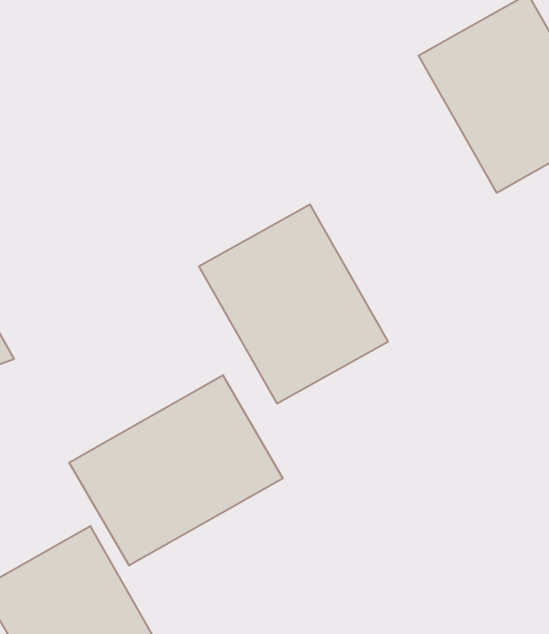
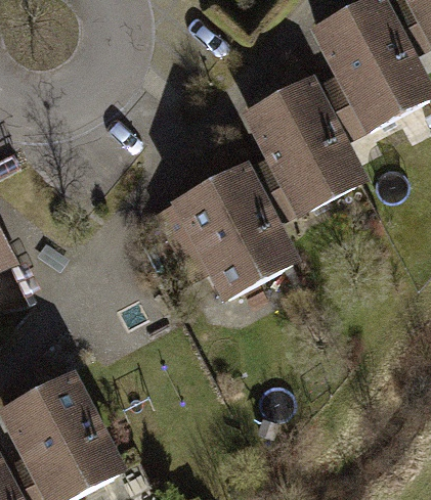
building: none -> [227,70,361,211]
building: [69,375,283,566] -> none

